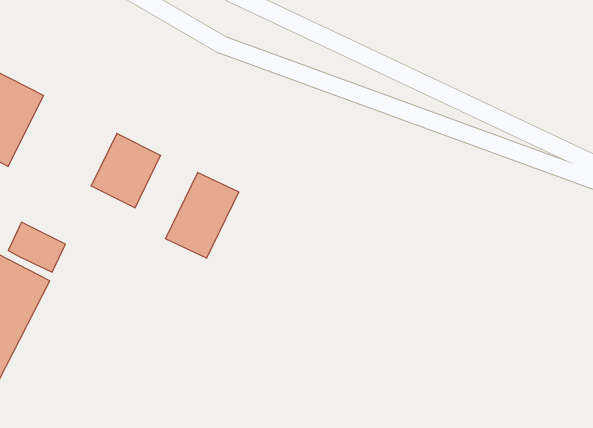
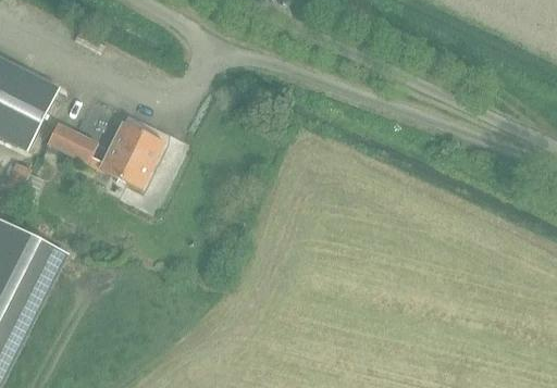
building: [165,172,239,258] -> none
building: [8,222,65,272] -> [49,122,100,166]

